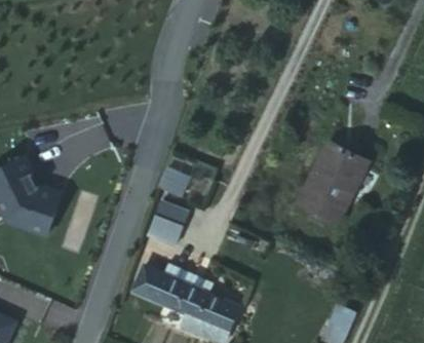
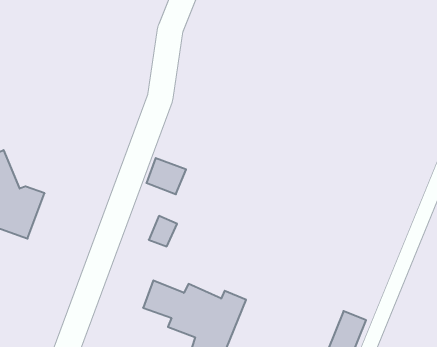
building: [291,140,367,229] -> none

